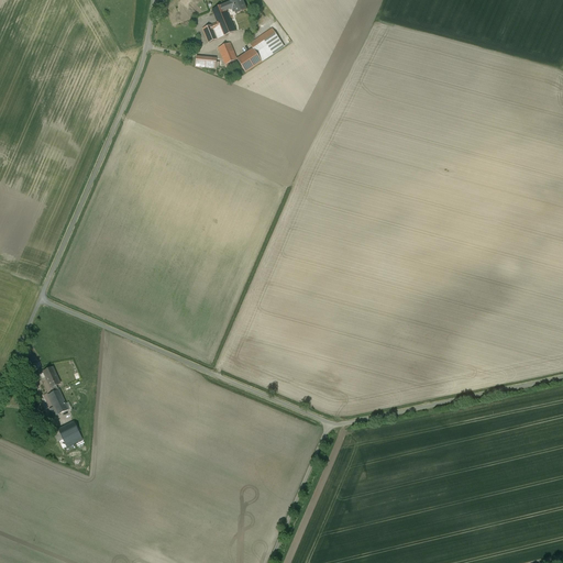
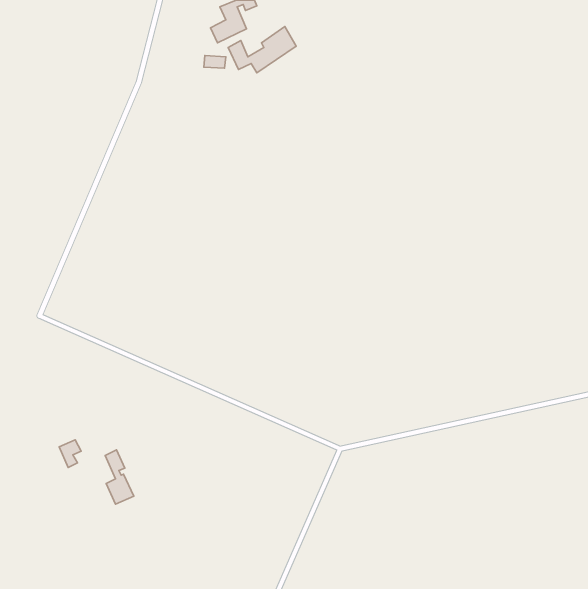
building: [41,364,68,416] -> [105,450,134,504]

